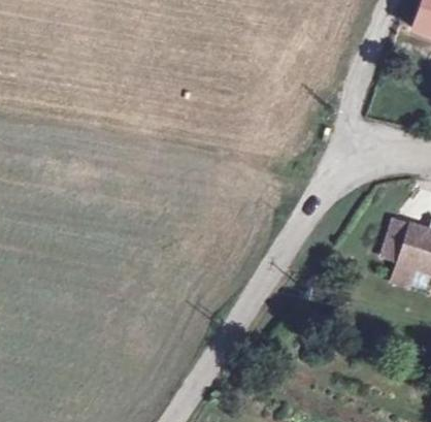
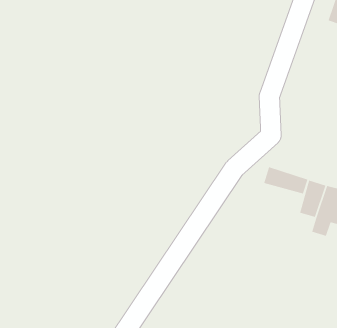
building: none -> [263,166,309,195]

